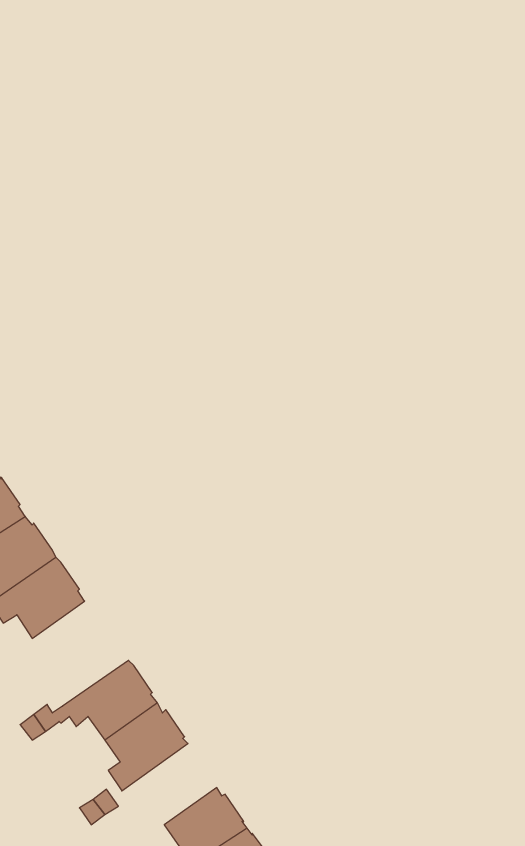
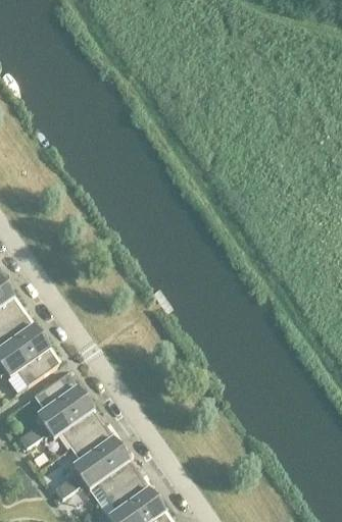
building: none -> [34,374,85,427]
building: none -> [81,450,138,499]

